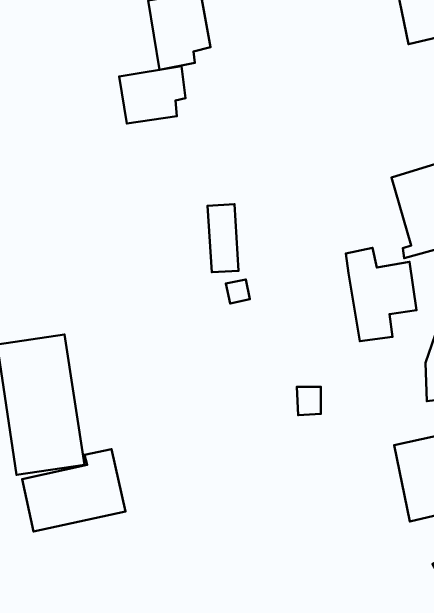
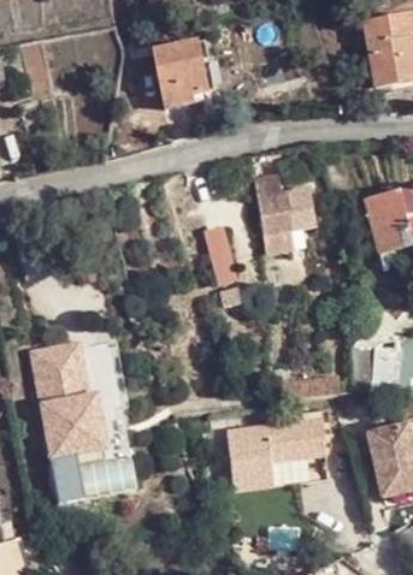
building: [119,66,186,123] -> none
building: [346,248,416,341] -> [255,173,315,253]
building: none -> [226,419,326,490]

